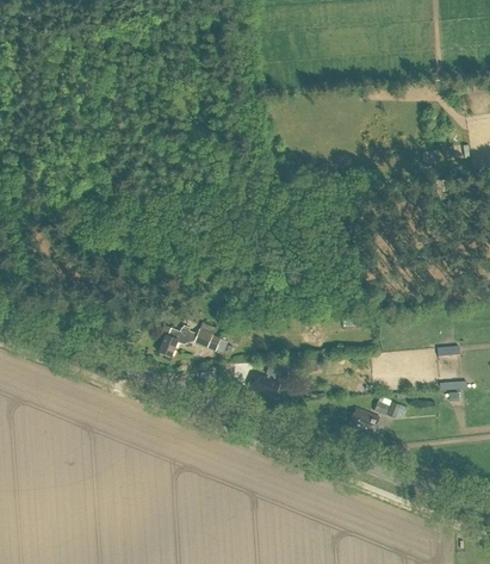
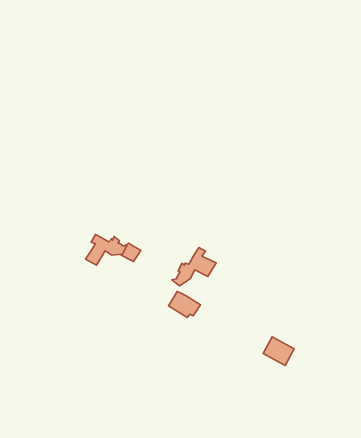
building: none -> [172,247,216,286]

